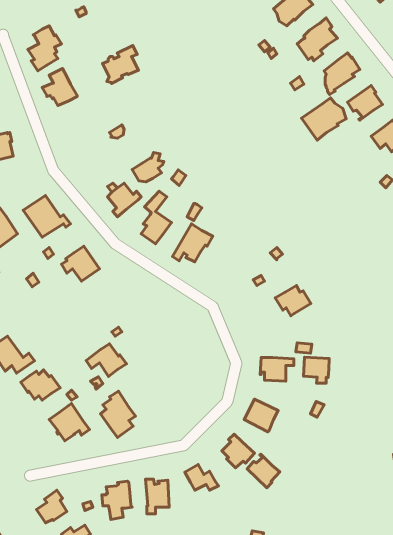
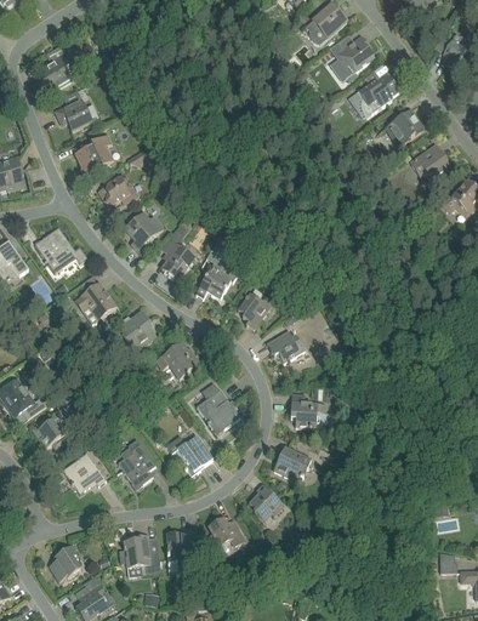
building: [102,45,138,84] -> [74,133,113,175]
building: [302,98,346,140] -> none
building: [132,153,164,182] -> [98,171,132,203]
building: none -> [238,286,273,329]
building: none -> [119,312,155,349]
building: [275,285,311,316] -> [266,330,305,363]
building: none -> [197,382,240,428]
building: [86,344,126,376] -> [155,342,199,377]
building: [304,357,329,383] -> none
building: none -> [171,434,212,475]
building: [247,454,280,488] -> none

